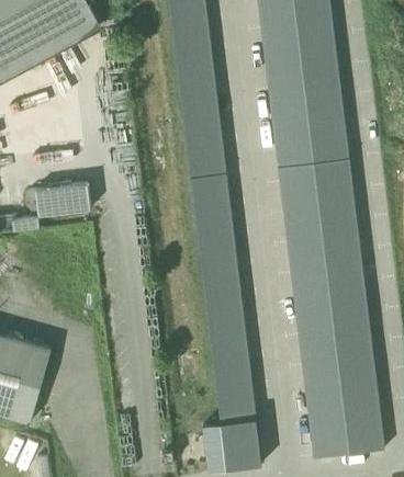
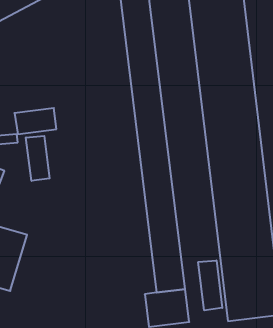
building: none -> [26,136,50,181]
building: none -> [198,260,222,310]

